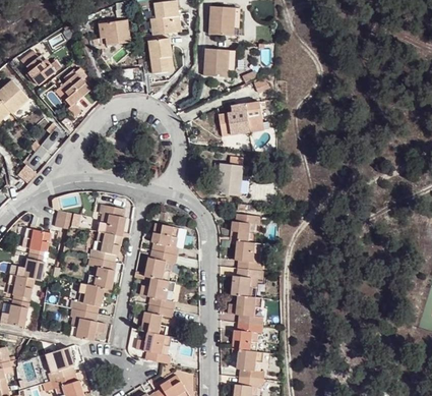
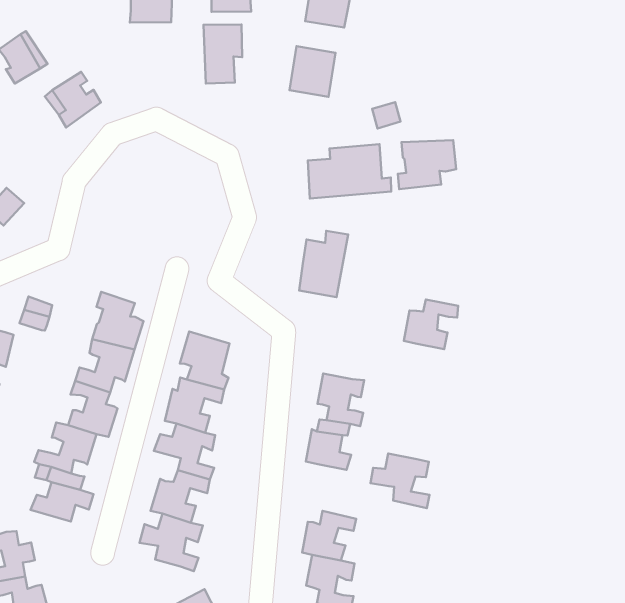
building: none -> [398,140,456,189]
building: [229,215,259,243] -> [404,300,458,349]
building: [228,295,263,326] -> [370,454,430,508]

